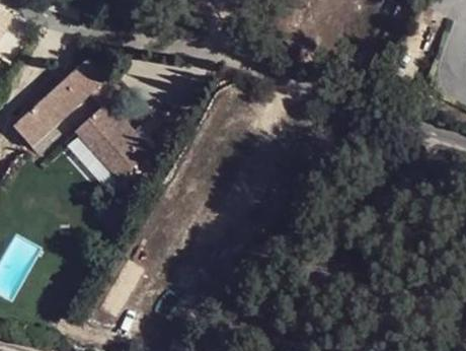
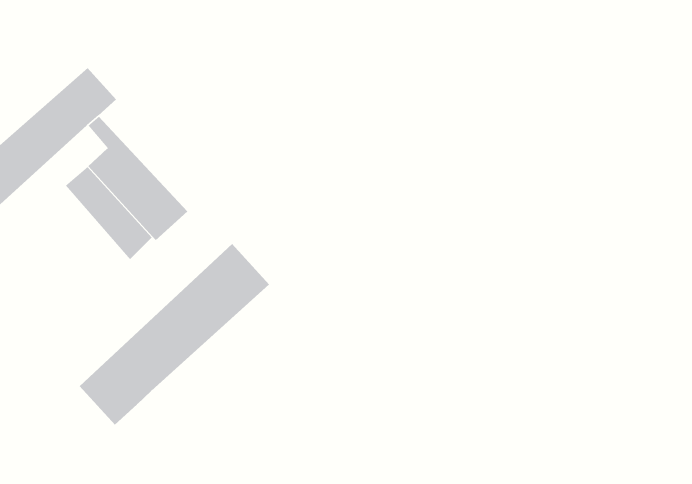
building: none -> [79,243,270,426]

